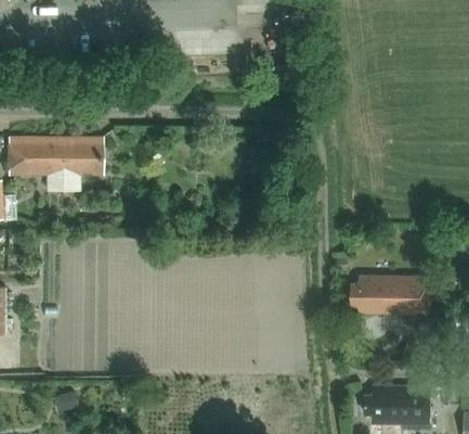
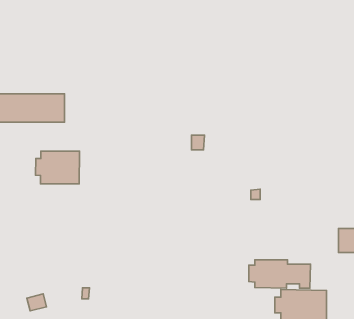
building: none -> [36,151,80,184]
building: [352,277,430,312] -> [249,260,311,288]

